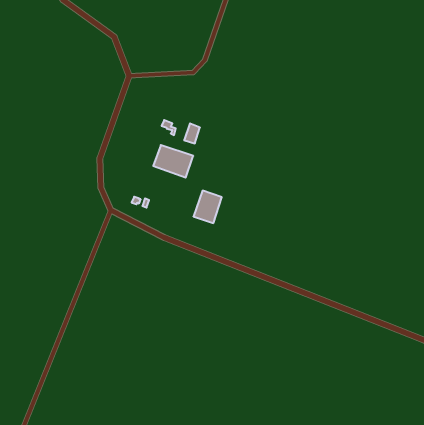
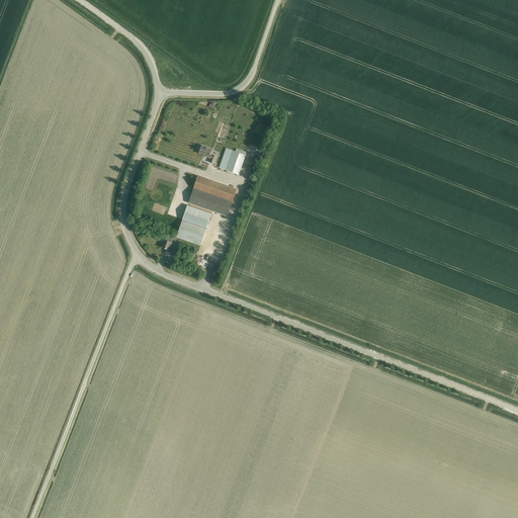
building: [193,191,222,223] -> [175,204,209,244]

